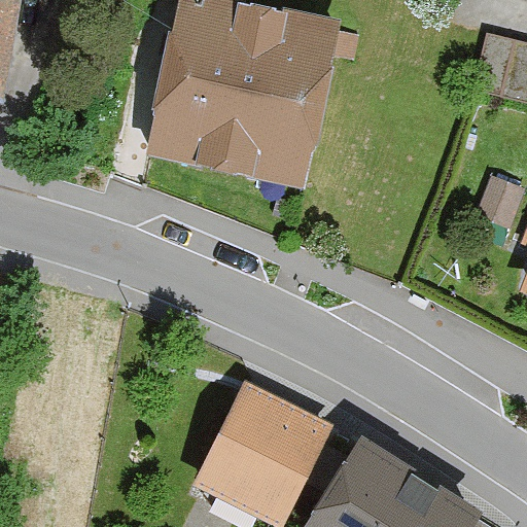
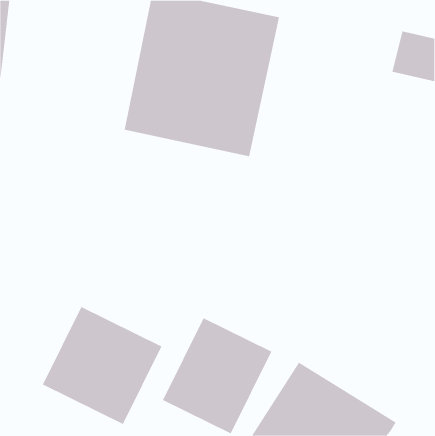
building: none -> [42,306,162,425]

